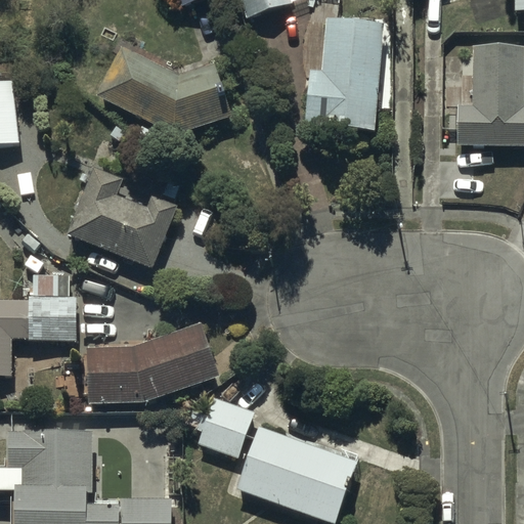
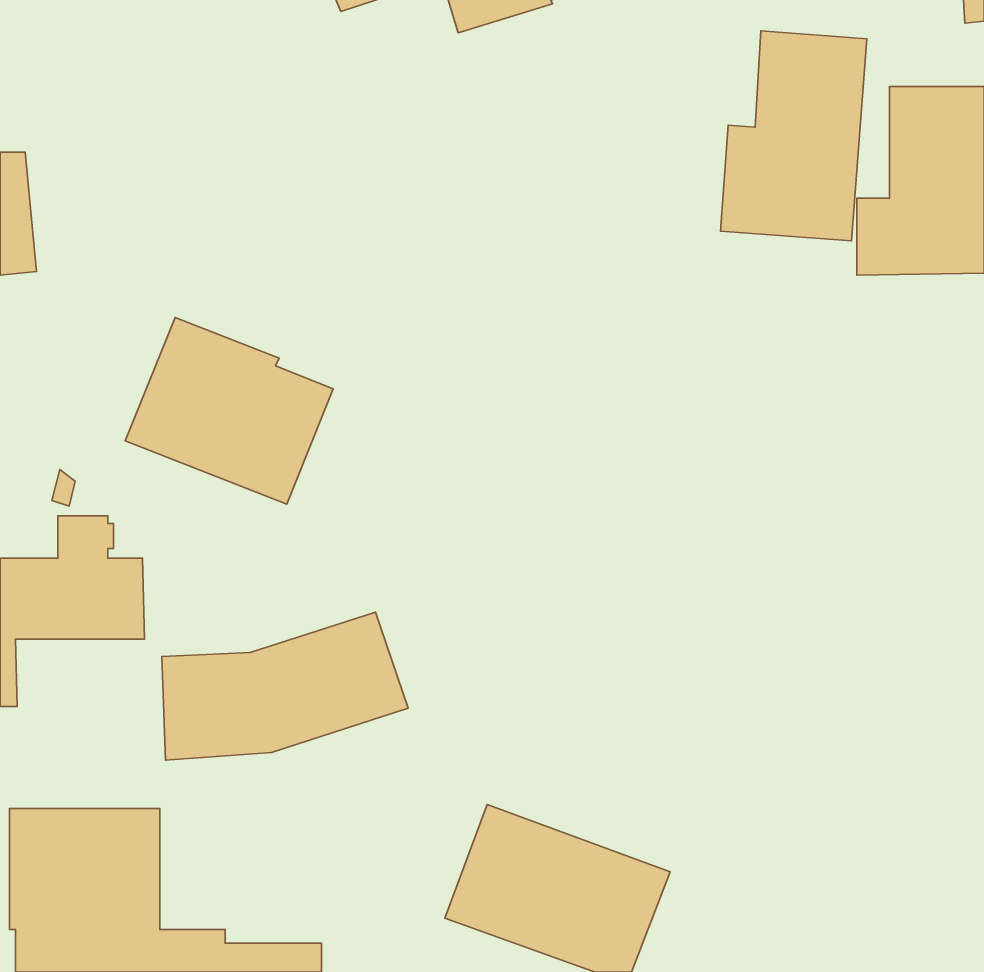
building: [304,19,382,131] -> [720,31,867,241]
building: [98,50,229,135] -> none
building: [196,399,253,455] -> none

